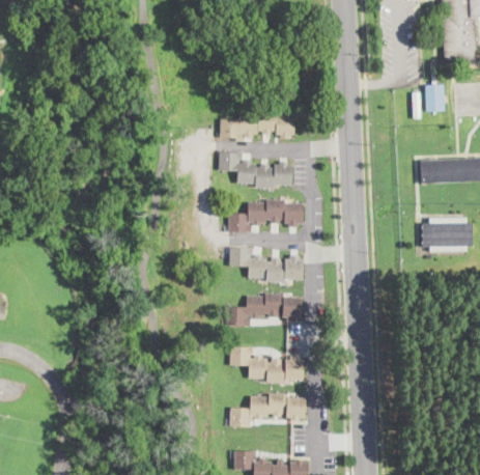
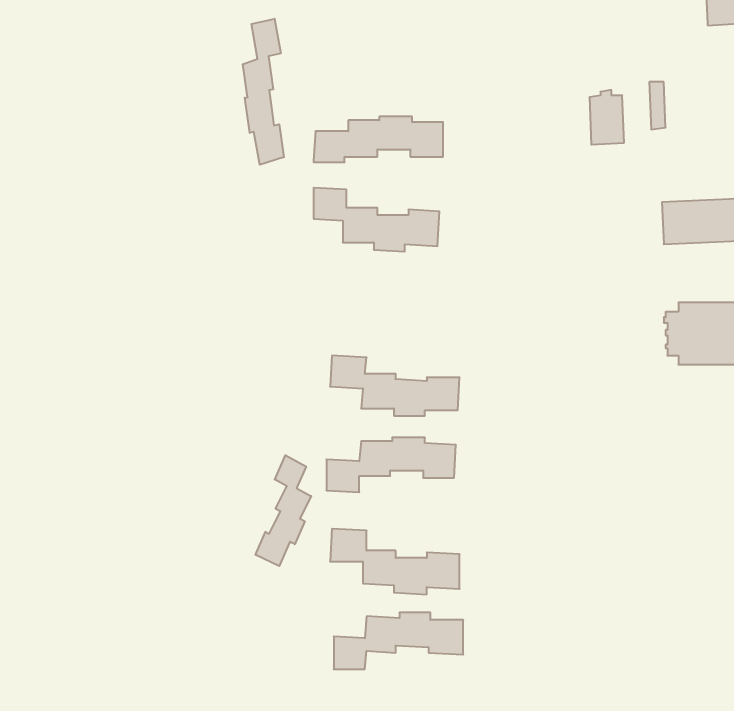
building: none -> [243,19,284,165]
building: [423,81,443,112] -> [589,90,624,145]
building: [228,200,303,232] -> none
building: none -> [256,455,311,566]

